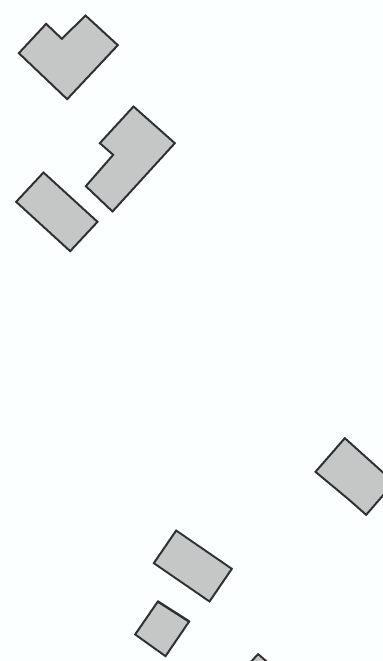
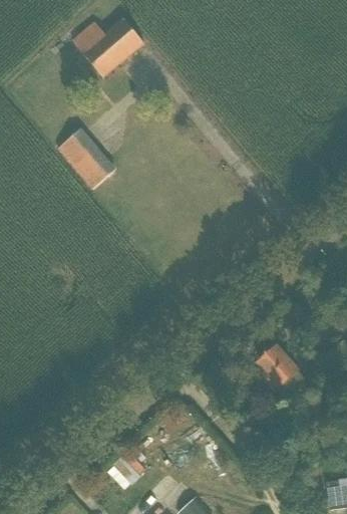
building: [86,106,175,211] -> none
building: [154,530,232,601] -> none

